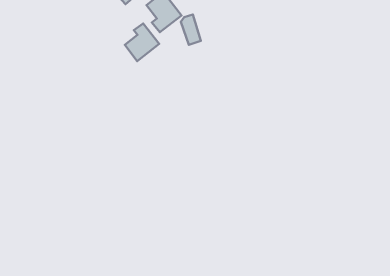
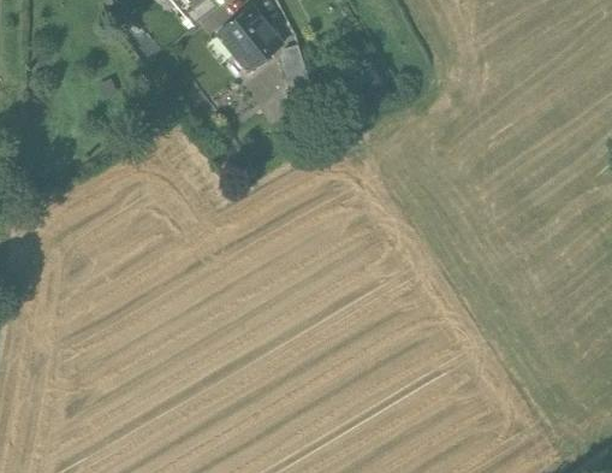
building: [125,23,159,61] -> none

